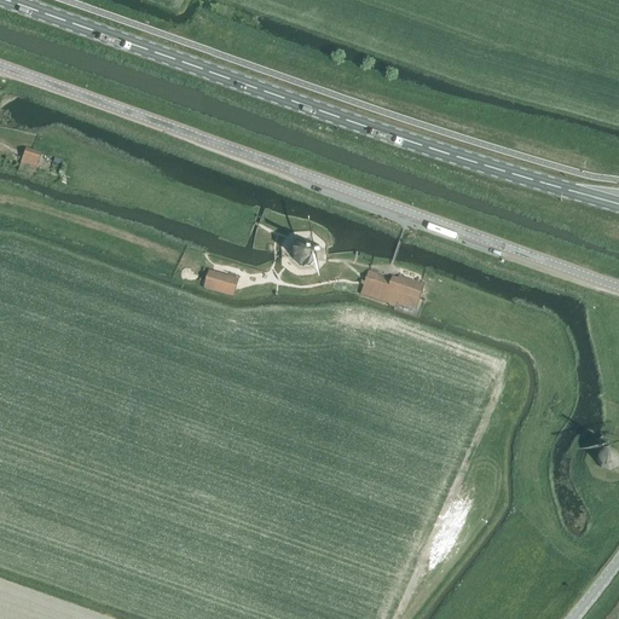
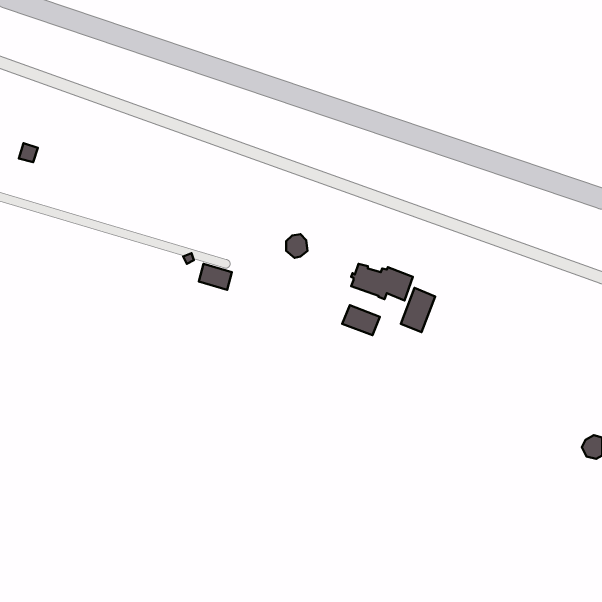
building: none -> [401,288,435,332]
building: none -> [342,305,380,335]

